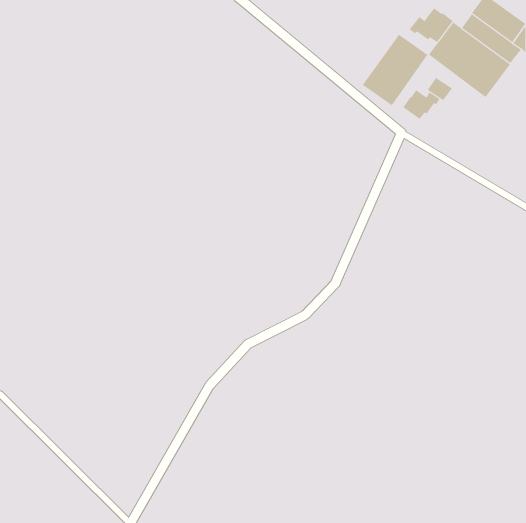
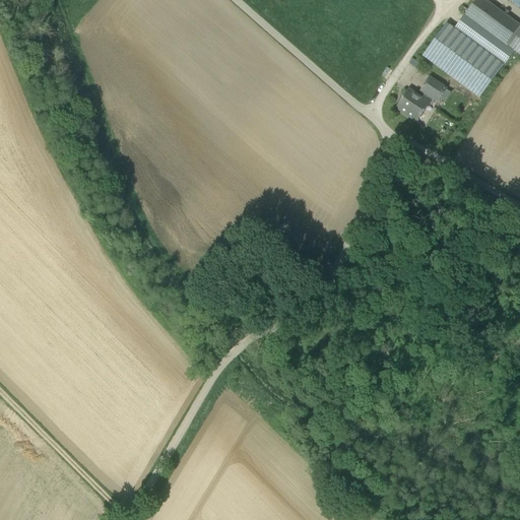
building: [409,7,454,43] -> none
building: [362,34,428,106] -> none

